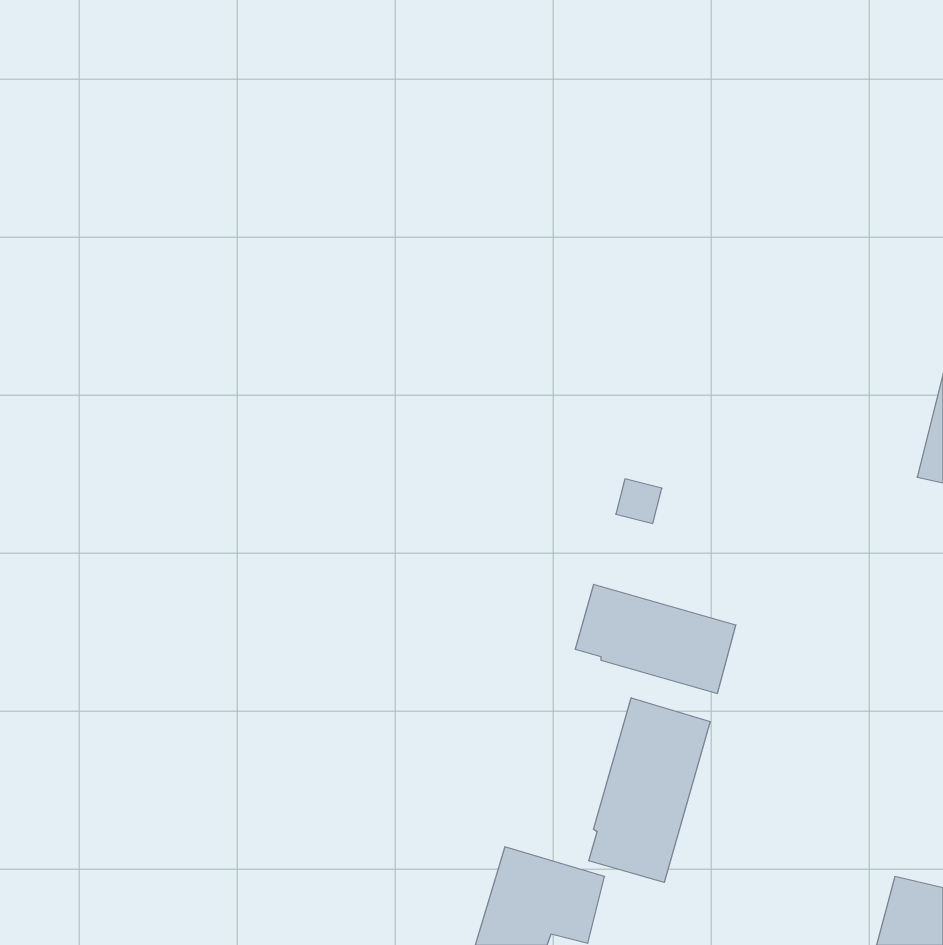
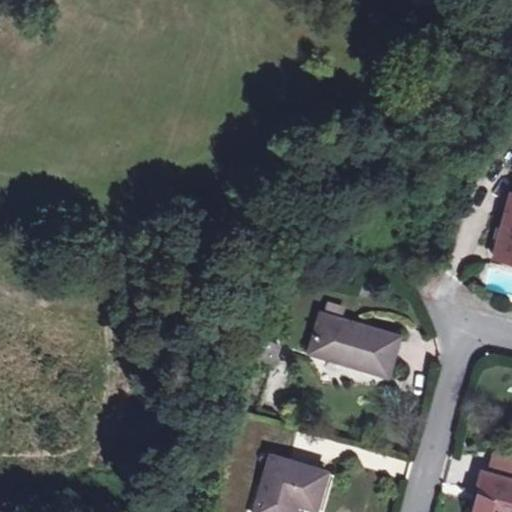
building: [589,698,710,882] -> none

